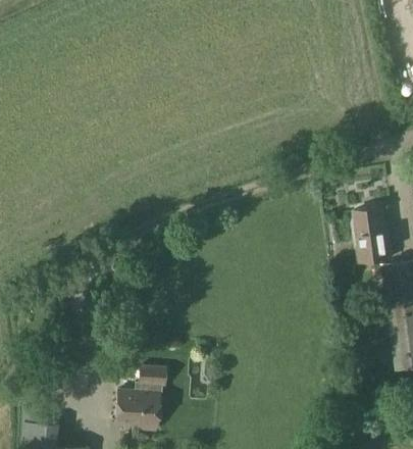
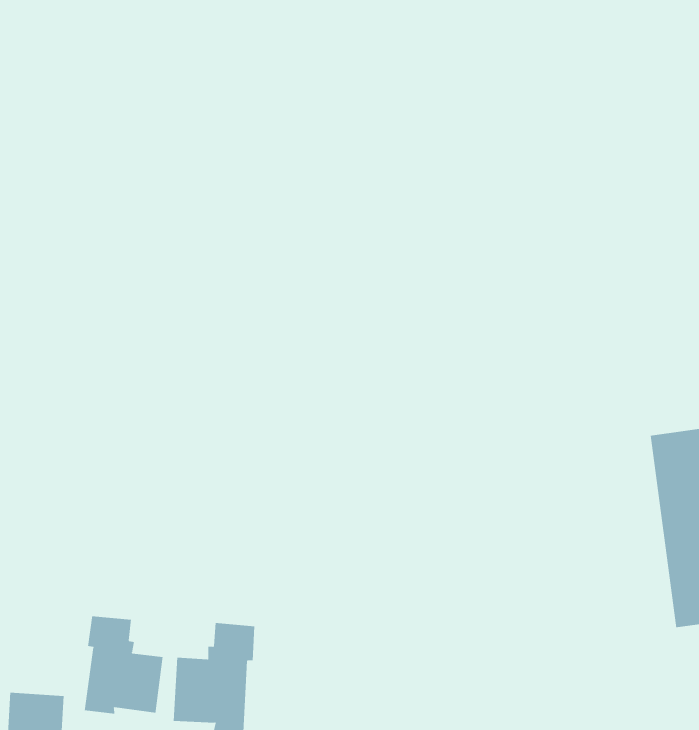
building: [355,207,393,263] -> none
building: none -> [84,616,163,715]

